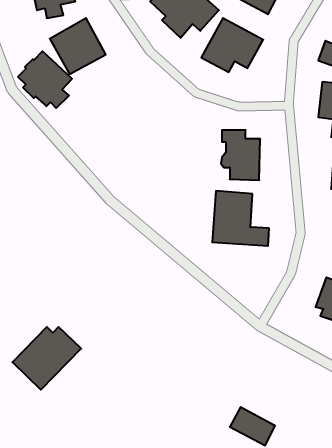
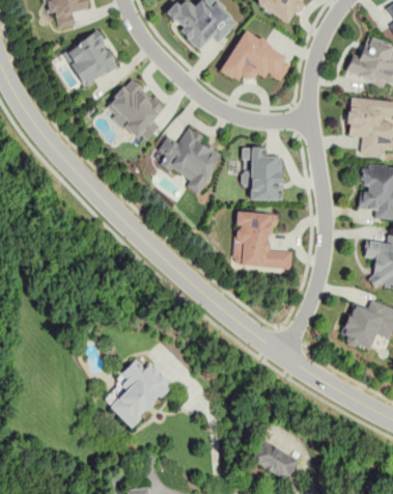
building: [18,51,72,108] -> [106,80,163,140]
building: none -> [152,130,223,192]
building: [12,327,81,390] -> [101,362,173,429]

